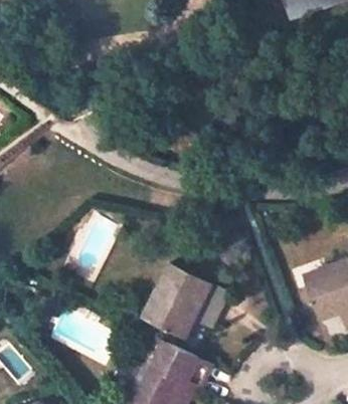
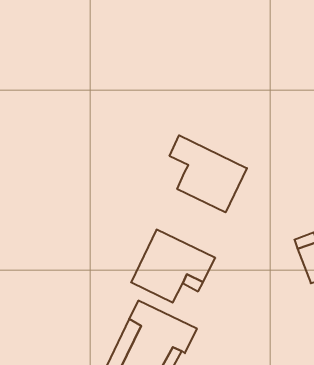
building: none -> [170,135,247,212]

